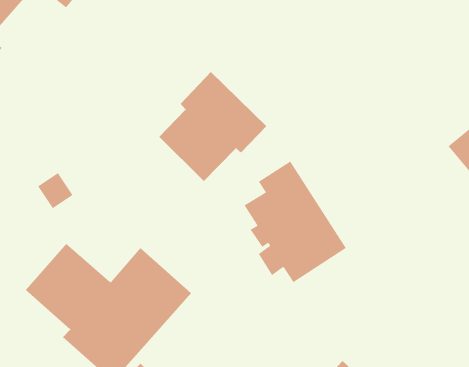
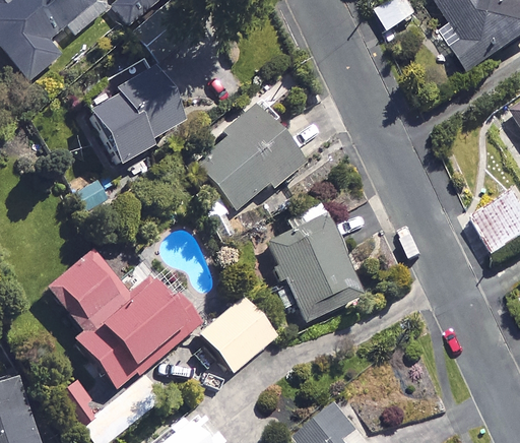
building: none -> [90,75,186,168]
building: none -> [199,294,275,370]

